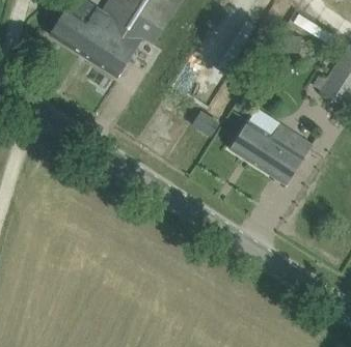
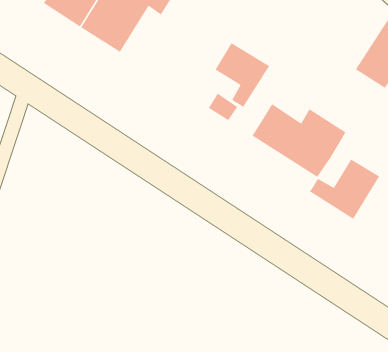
building: none -> [215,42,270,108]
building: none -> [309,158,380,220]

